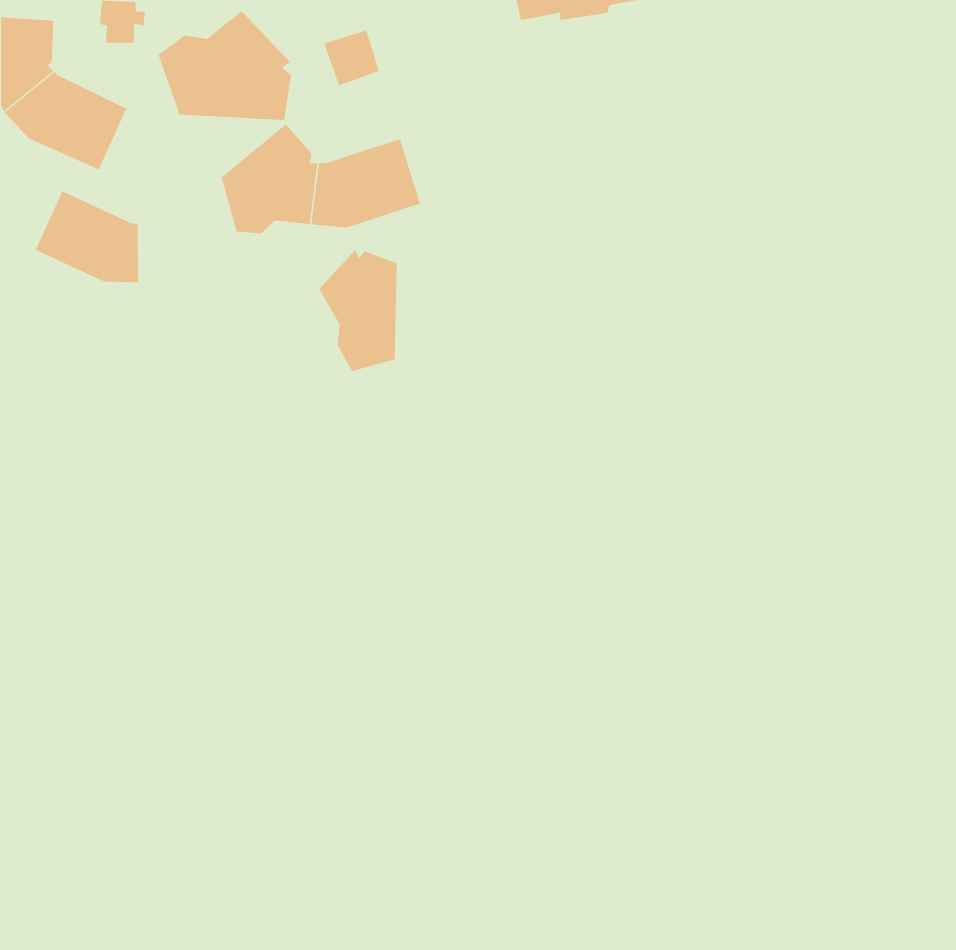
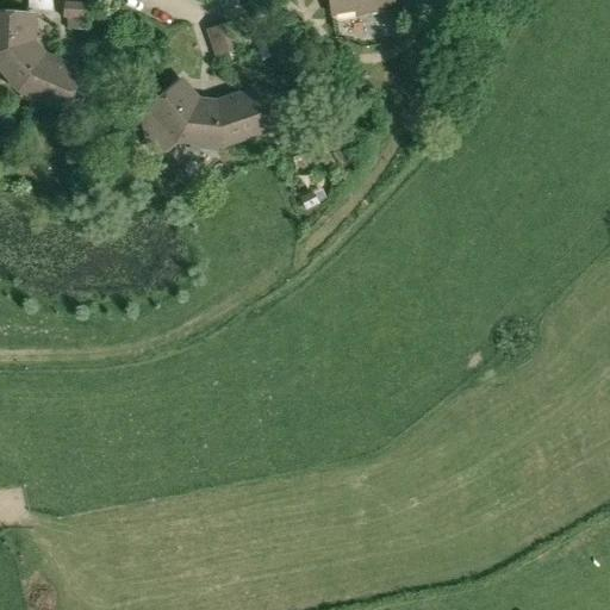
building: [158,10,292,121] -> none
building: [35,190,138,283] -> none
building: [318,249,397,372] -> none

